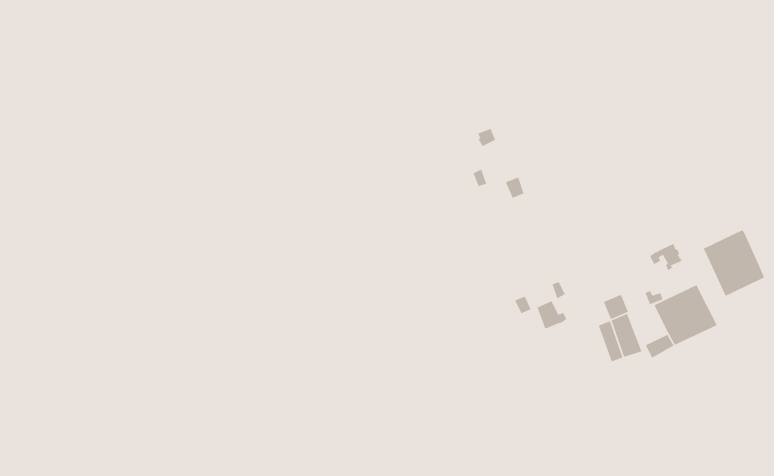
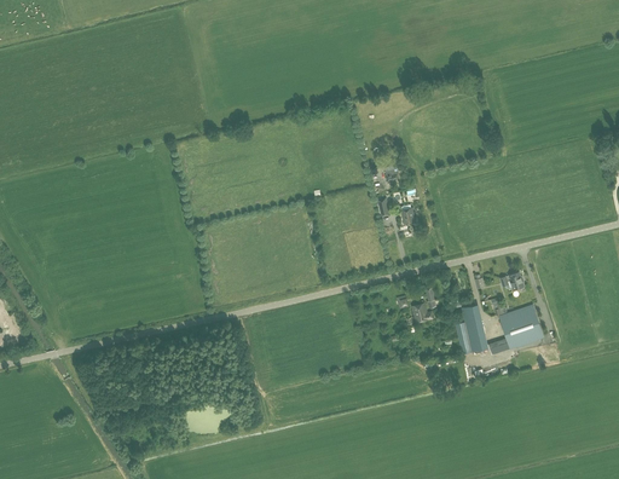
building: [702,229,765,297] -> none

